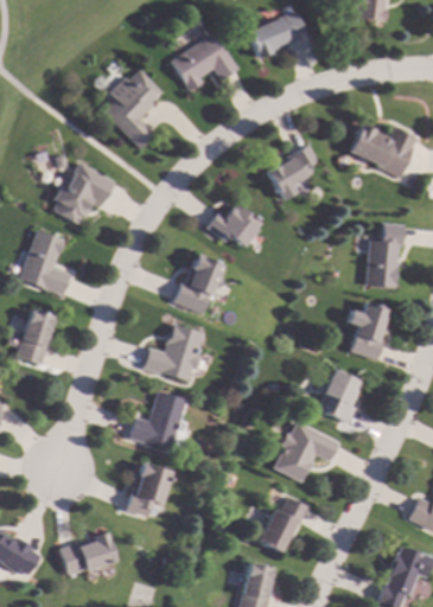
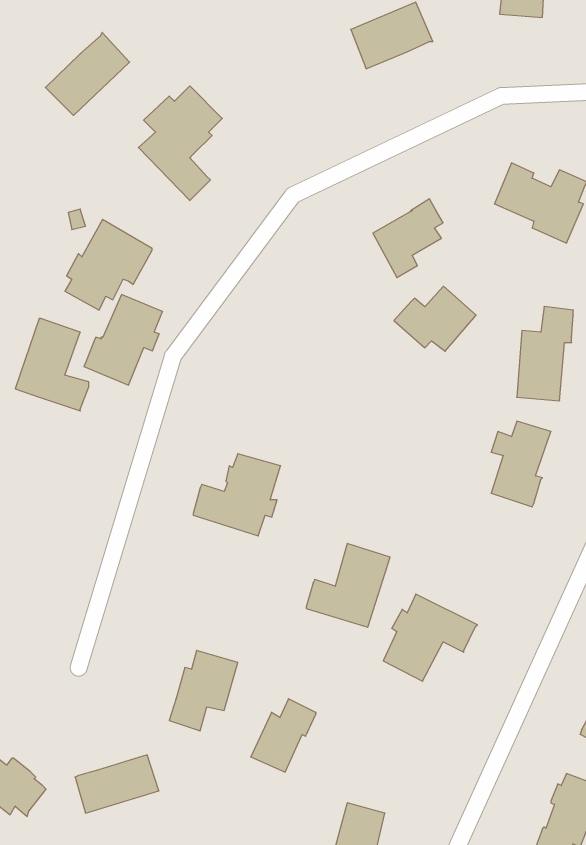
building: none -> [45,32,130,115]
building: [171,34,236,92] -> none
building: [205,203,262,248] -> [394,286,476,351]
building: [172,253,227,315] -> [84,295,163,385]
building: [17,313,55,364] -> none
building: [318,370,359,423] -> none
building: [128,391,186,449] -> [306,543,390,627]
building: [261,498,306,549] -> [251,699,316,772]

